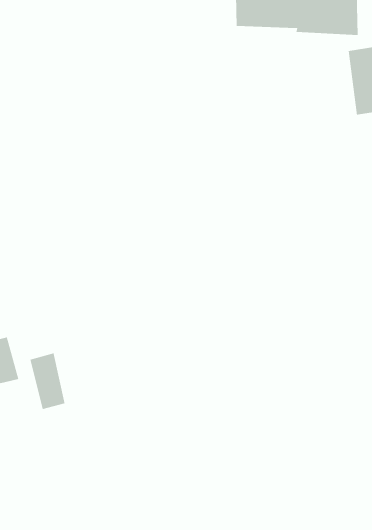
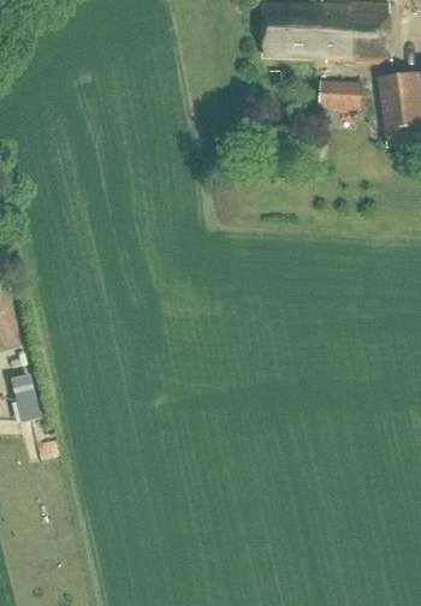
building: none -> [320,81,373,107]
building: [30,353,65,410] -> none

